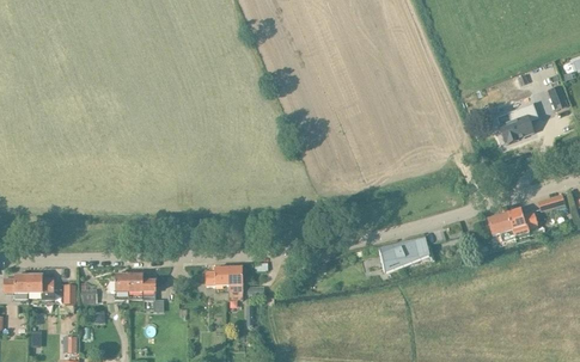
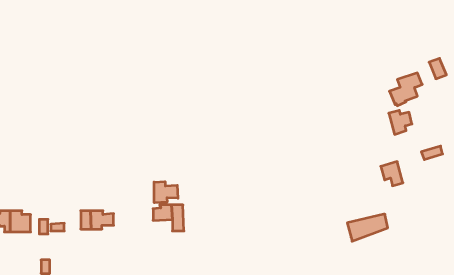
building: [507,209,536,239] -> [389,110,412,134]
building: none -> [154,182,178,203]
building: [378,238,428,271] -> [347,214,388,241]

